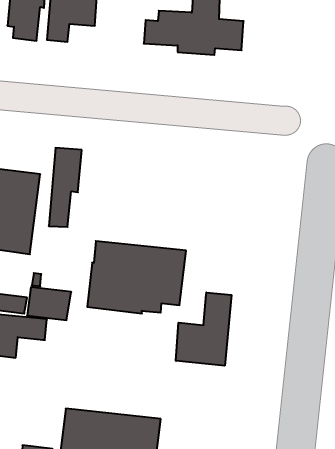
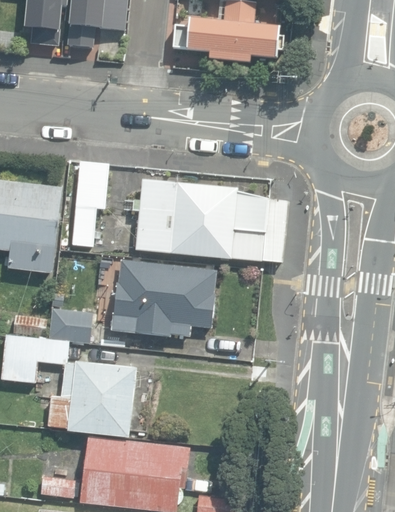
building: none -> [133,180,287,262]
building: [176,292,231,366] -> none
building: none -> [49,361,137,437]

